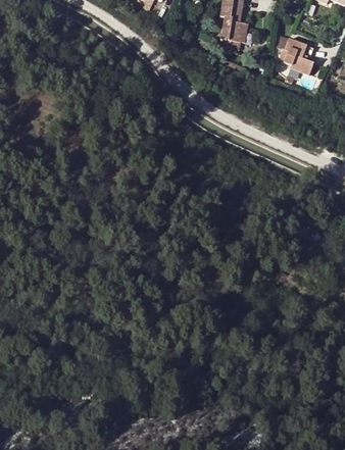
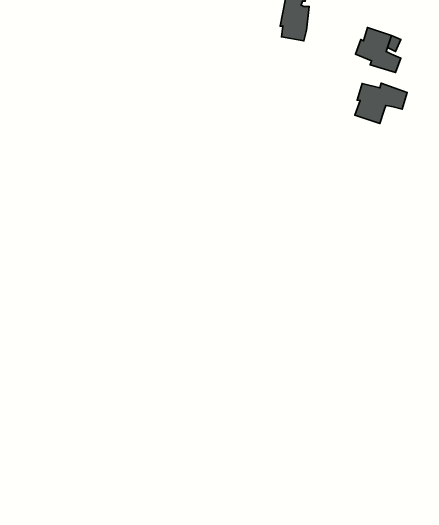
building: none -> [355,83,407,123]

